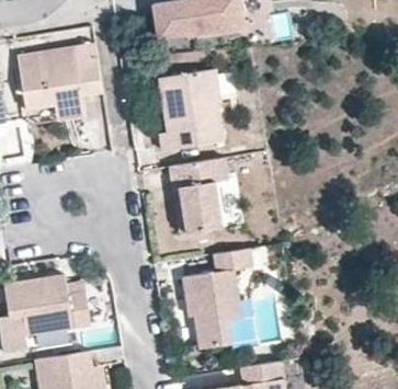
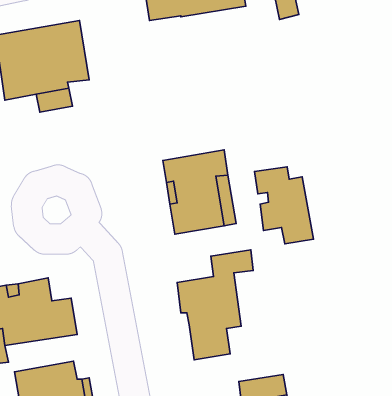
building: [158,69,221,151] -> none
building: none -> [255,167,314,244]

